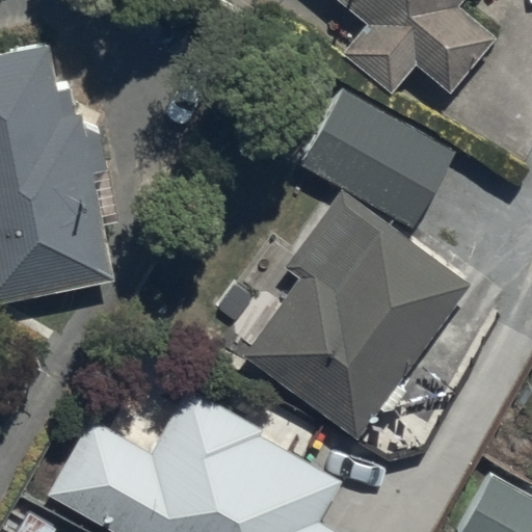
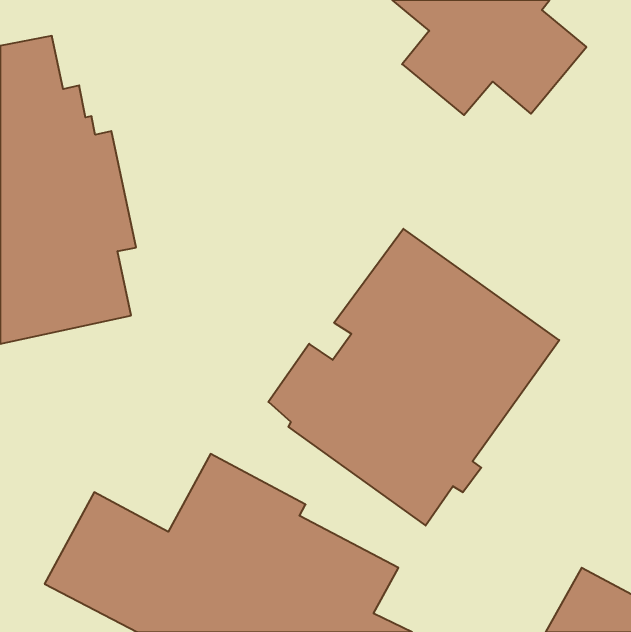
building: [301,90,453,230] -> none

